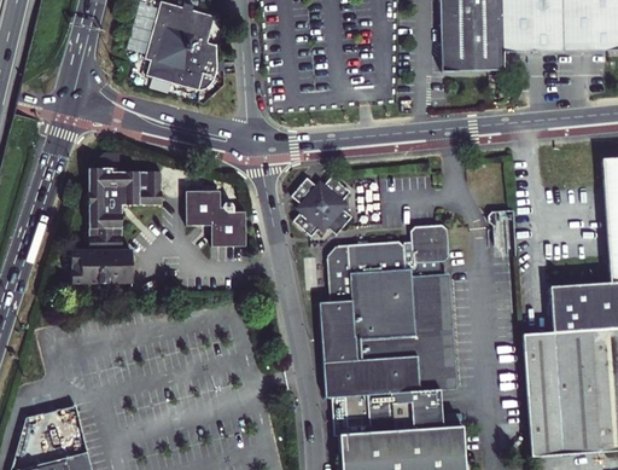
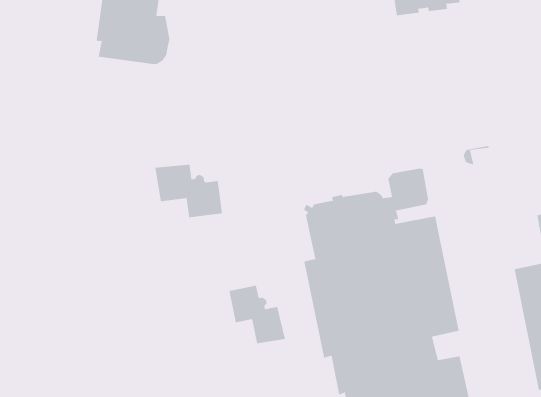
building: [70,168,161,286] -> none
building: [291,176,352,238] -> none
building: none -> [229,285,286,344]

